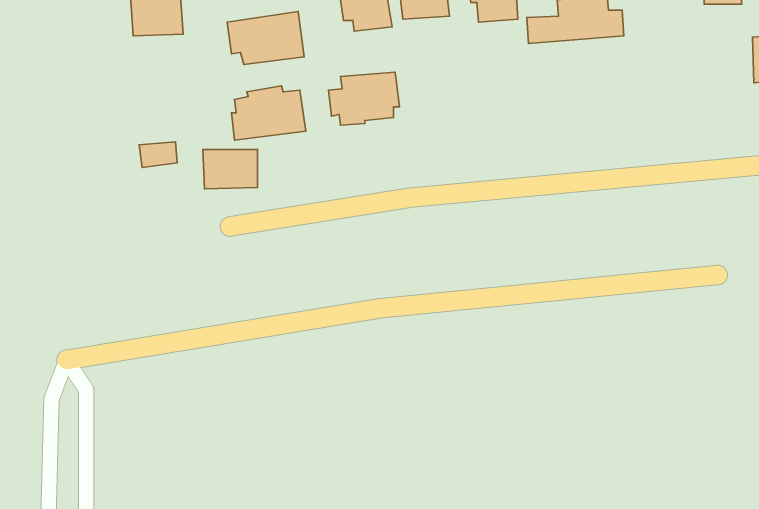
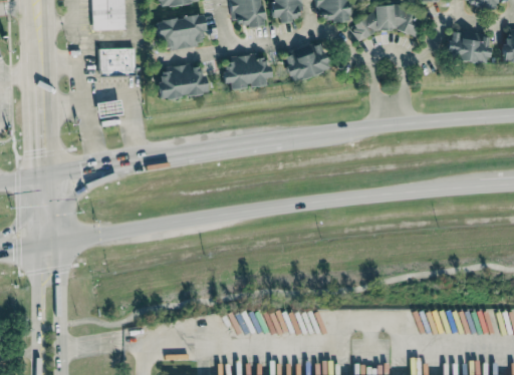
building: none -> [448,31,490,63]
building: none -> [283,42,330,81]
building: [203,150,258,189] -> [99,48,136,74]

